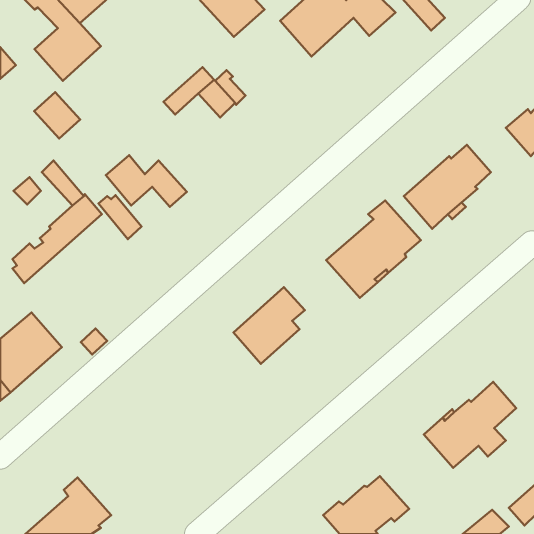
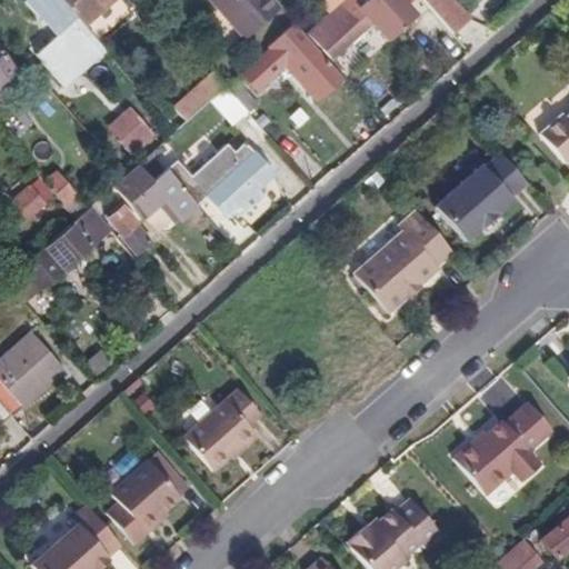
building: none -> [249,22,346,98]
building: [34,92,80,138] -> [106,106,154,154]
building: none -> [170,142,276,216]
building: [233,287,305,364] -> [182,391,258,472]
building: none -> [110,453,183,535]

